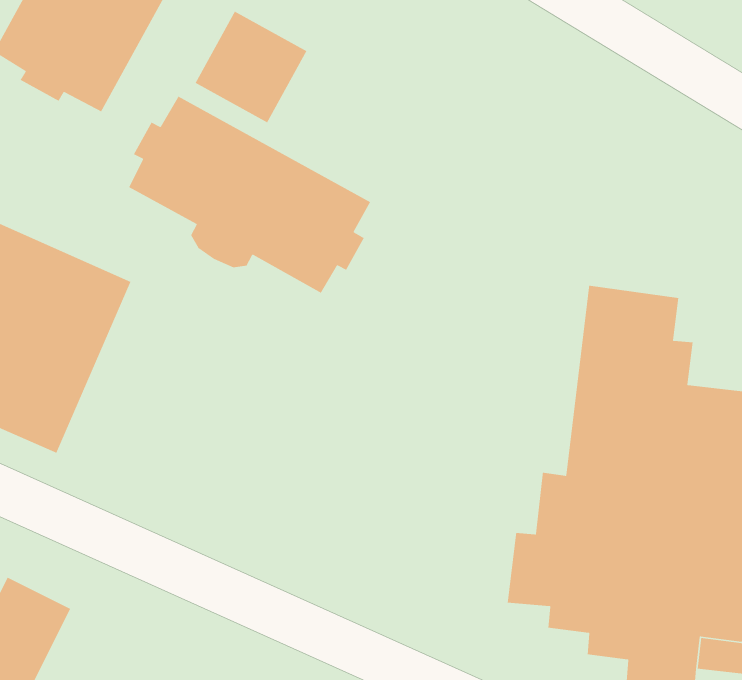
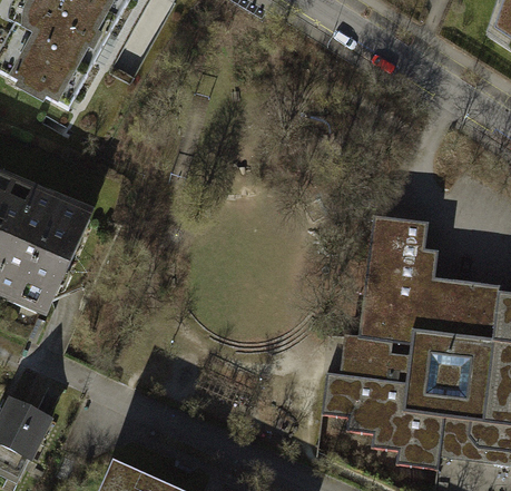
building: [195,11,308,123] -> none
building: [128,96,371,294] -> none

